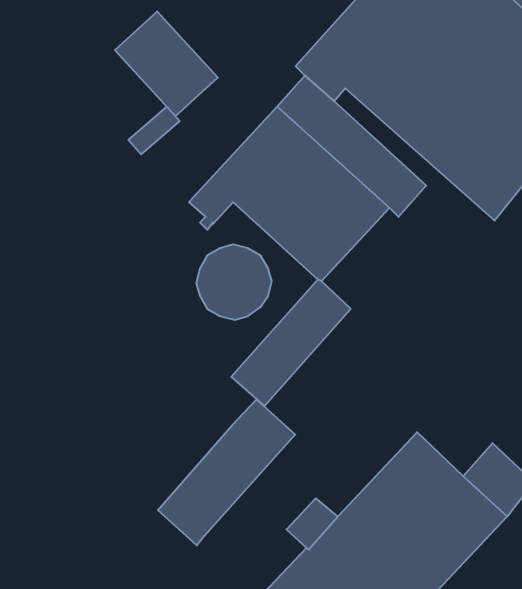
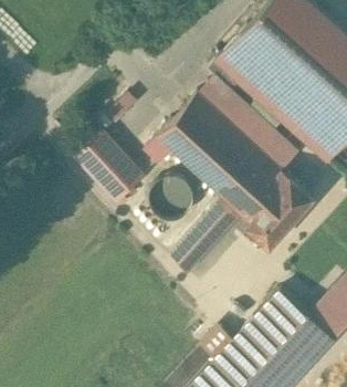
building: [115,11,218,116] -> [76,134,138,197]
building: none -> [223,140,313,247]
building: [158,399,295,545] -> none

